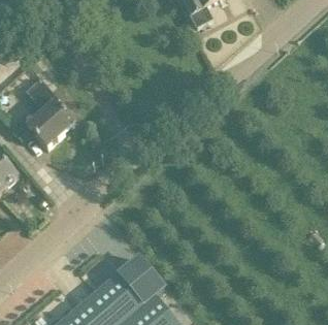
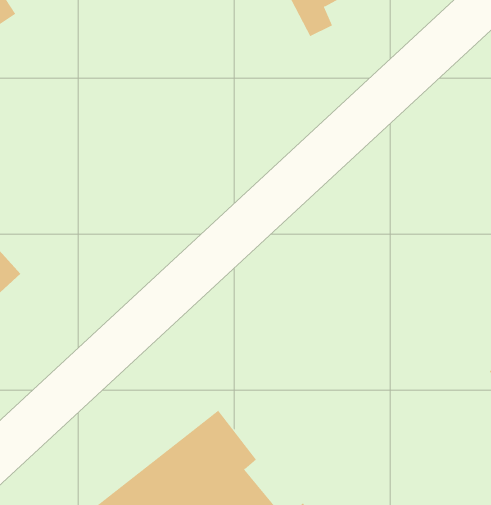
building: [25,77,75,148] -> none

